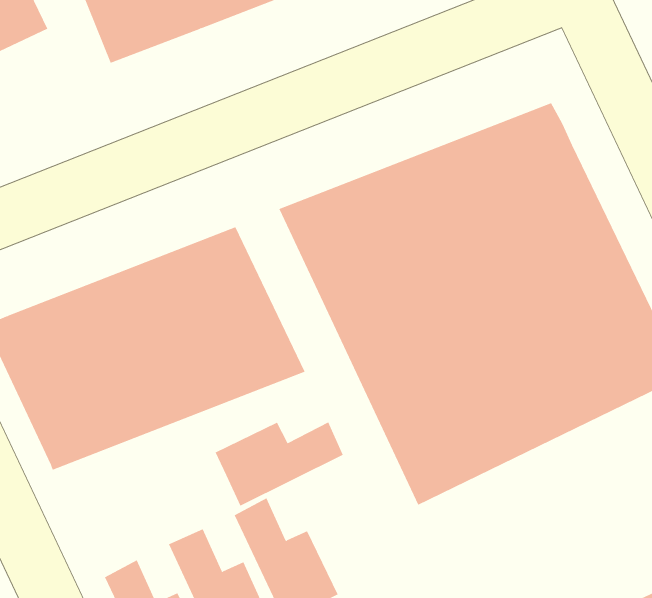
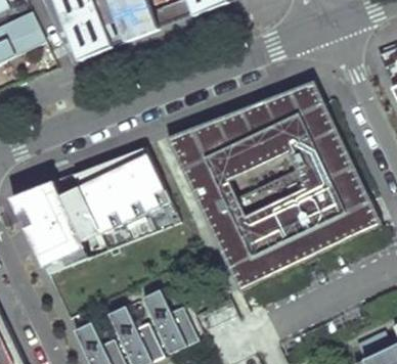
building: [215,421,343,506] -> none

